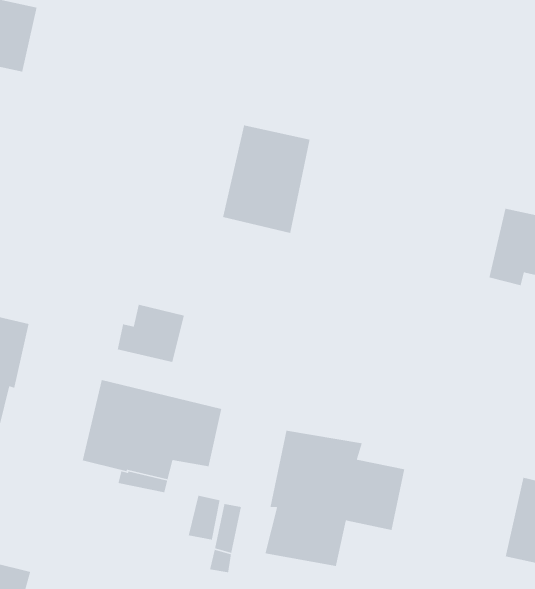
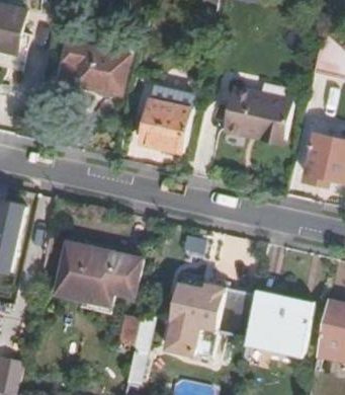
building: none -> [63,42,128,93]
building: none -> [224,87,292,145]
building: [117,304,185,363] -> none
building: none -> [243,296,312,359]

